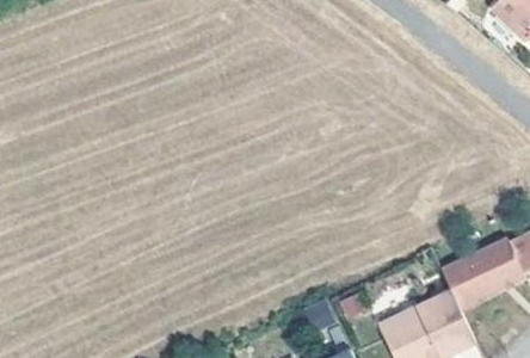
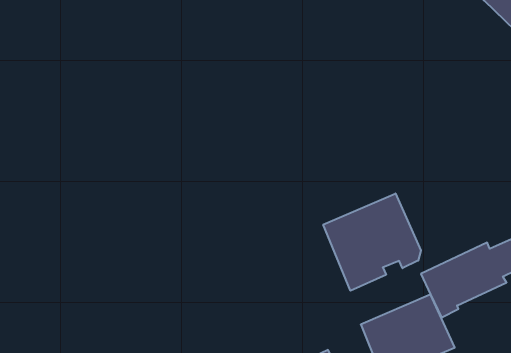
building: none -> [323,193,421,291]

